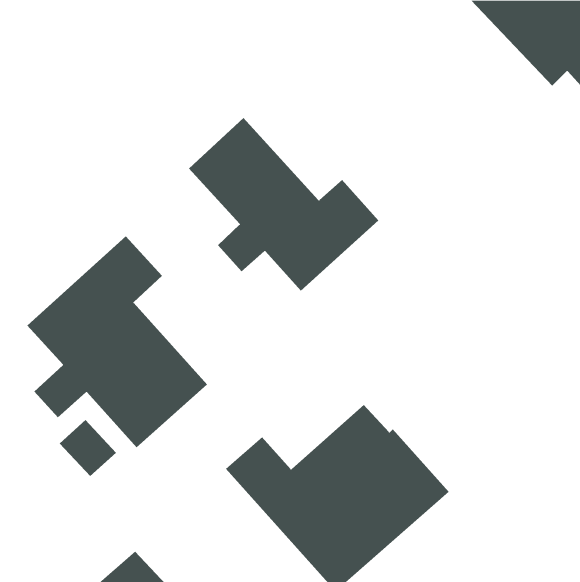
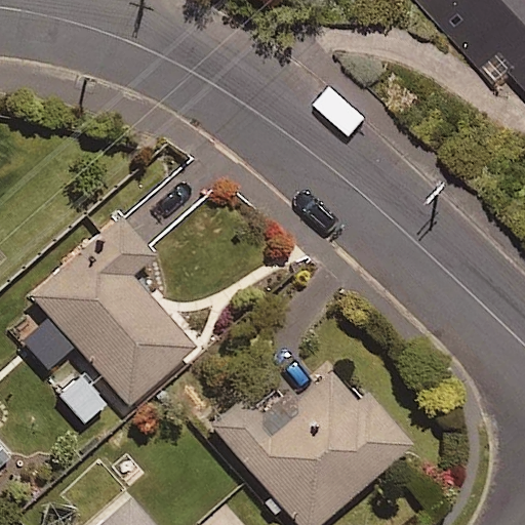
building: [188,117,379,292] -> none

